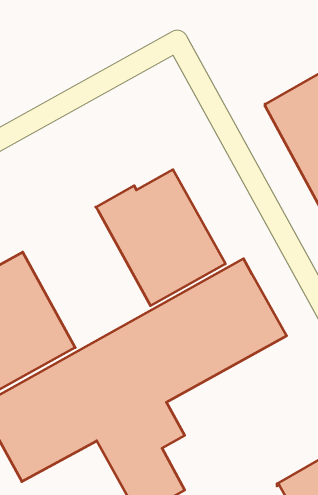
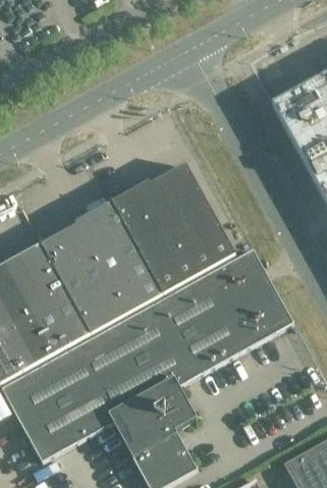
building: none -> [43,199,164,332]

